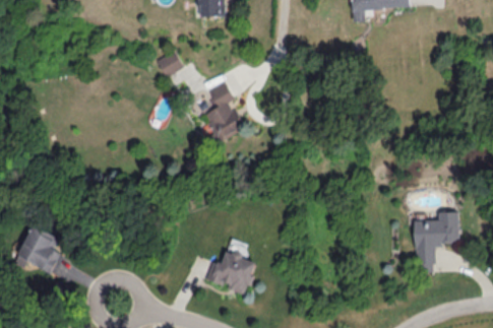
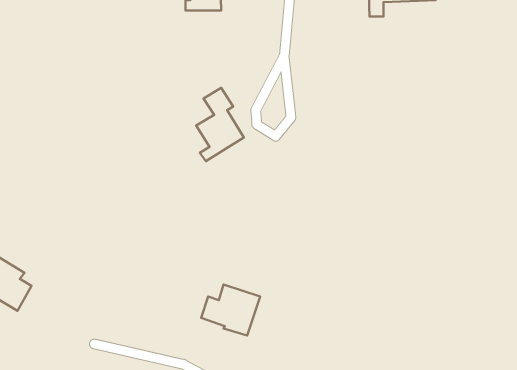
building: [156,50,184,77] -> none
building: [415,211,458,272] -> none

